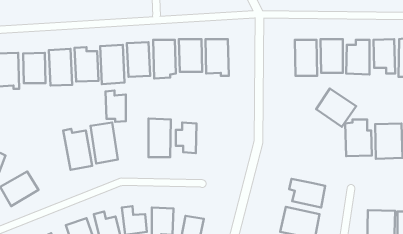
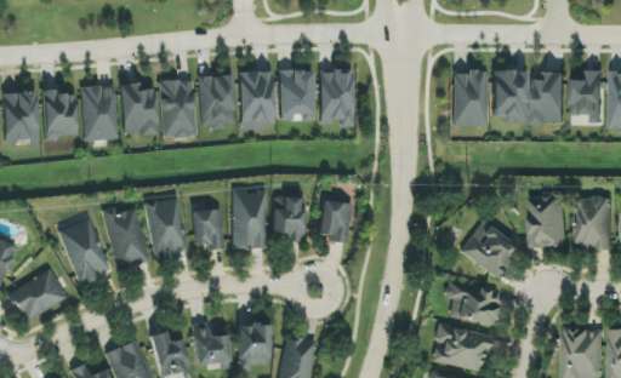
building: [316,88,356,127] -> [460,220,520,279]
building: [106,91,126,122] -> [192,202,222,250]
building: none -> [319,194,351,244]
building: none -> [57,218,110,286]

